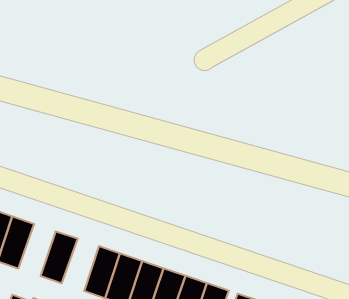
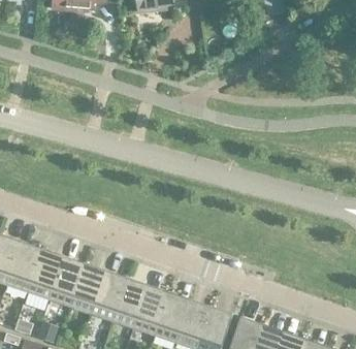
building: none -> [27,249,63,299]
building: none -> [69,263,105,314]

